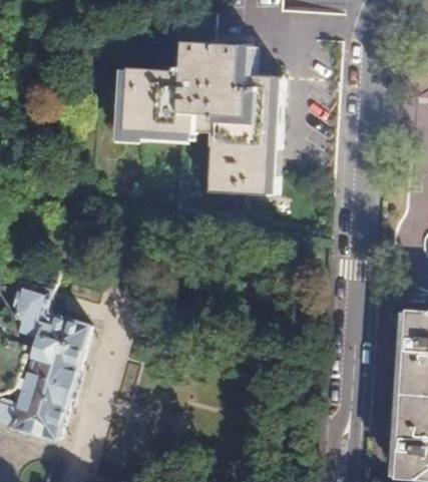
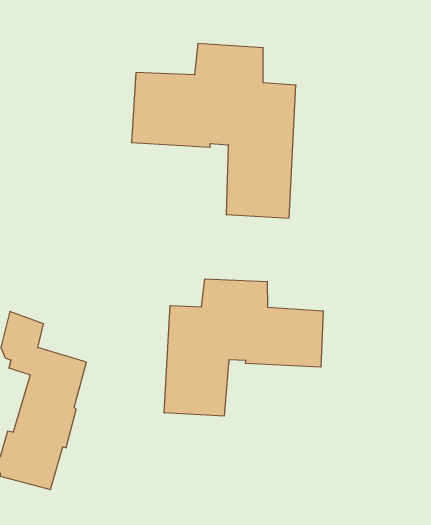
building: none -> [164,279,323,416]

